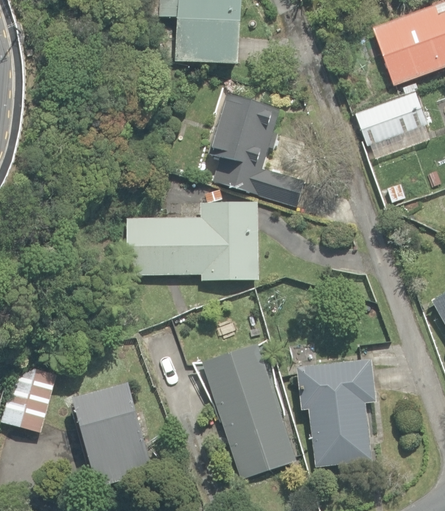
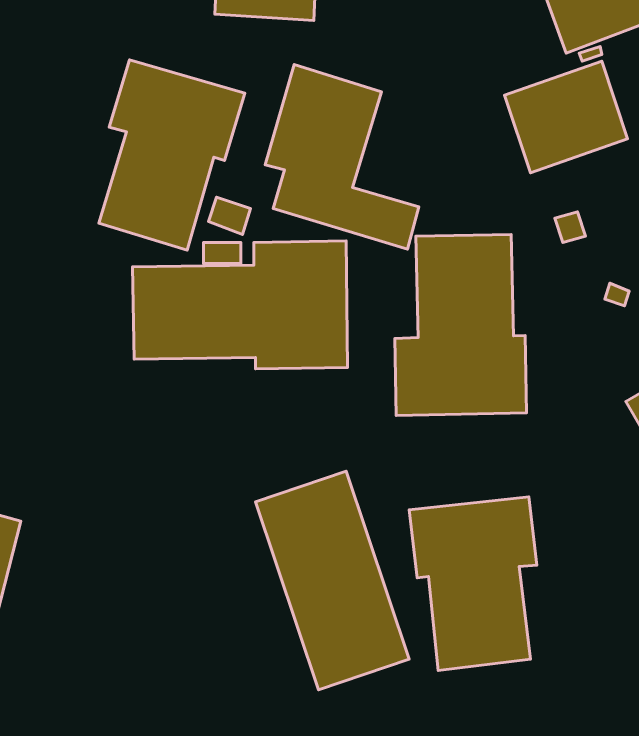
building: none -> [99,60,245,250]
building: none -> [395,234,527,415]
building: [73,381,154,486] -> none

